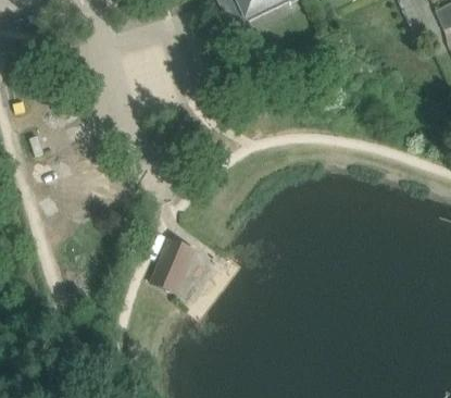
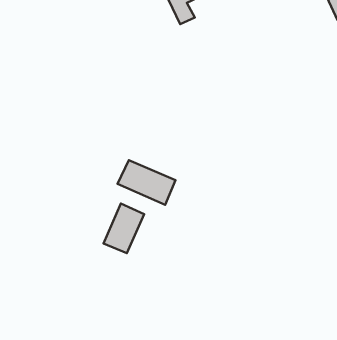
building: none -> [118,160,175,205]

